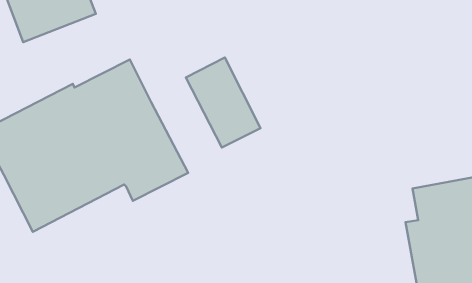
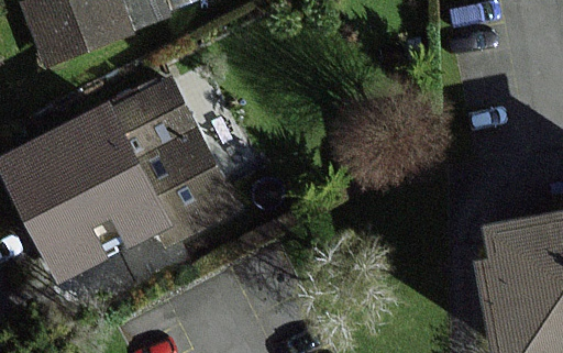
building: [186,58,260,148] -> none

